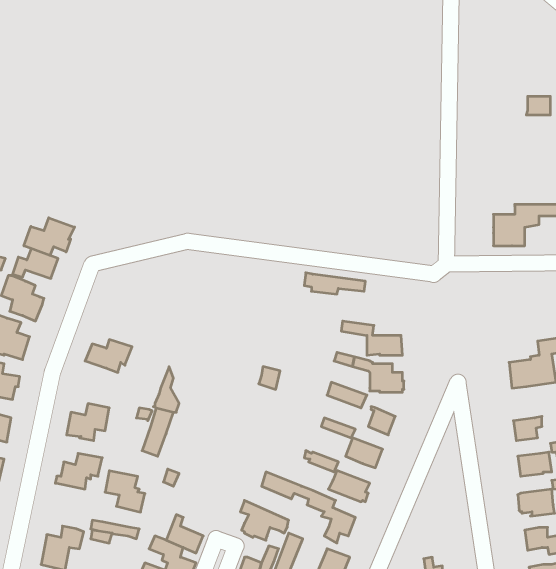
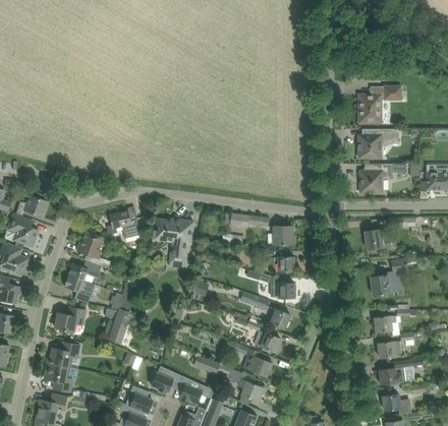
building: none -> [357,95,381,123]
building: none -> [358,129,398,158]
building: [24,218,75,255] -> none
building: none -> [106,210,141,238]
building: none -> [153,219,193,268]
building: none -> [273,226,293,245]
building: none -> [365,229,390,249]
building: none -> [76,230,110,268]
building: none -> [63,276,94,303]
building: [105,471,145,512] -> [44,363,72,392]
building: none -> [151,366,181,392]

